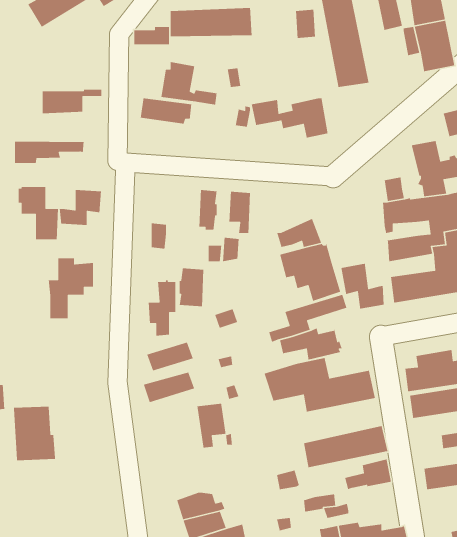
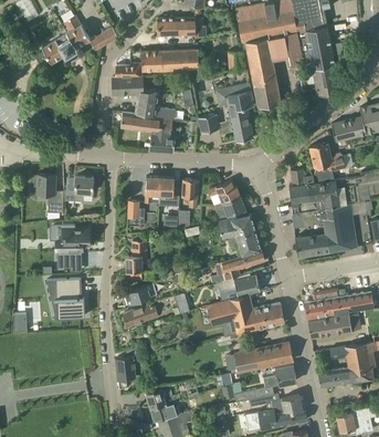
building: none -> [225,83,254,116]
building: [42,89,102,114] -> [113,76,155,94]
building: none -> [149,116,180,152]
building: [14,141,84,164] -> none
building: none -> [208,181,241,207]
building: [340,263,385,309] -> none
building: [179,268,204,307] -> [145,176,162,204]
building: [196,403,233,449] -> [115,356,140,388]
building: [13,406,56,461] -> [55,279,85,318]
building: none -> [272,395,305,415]

